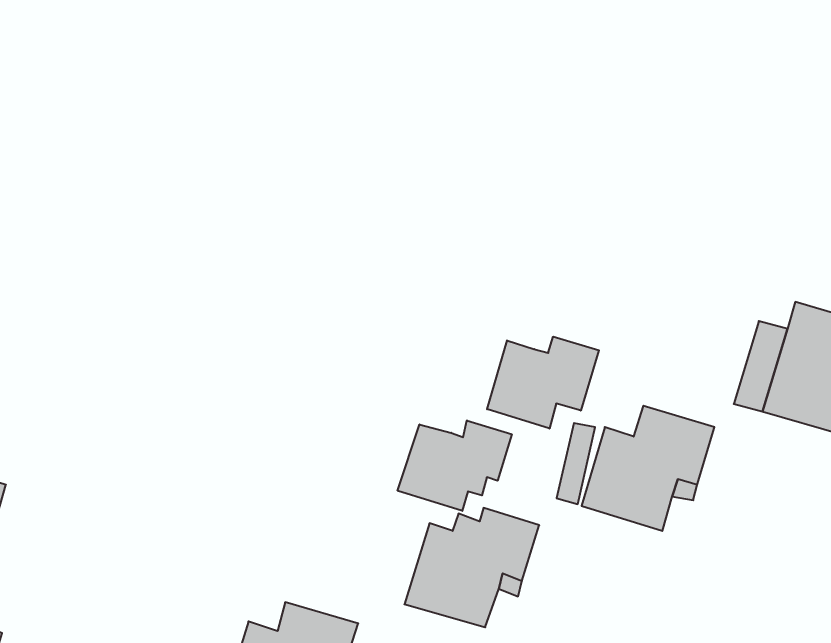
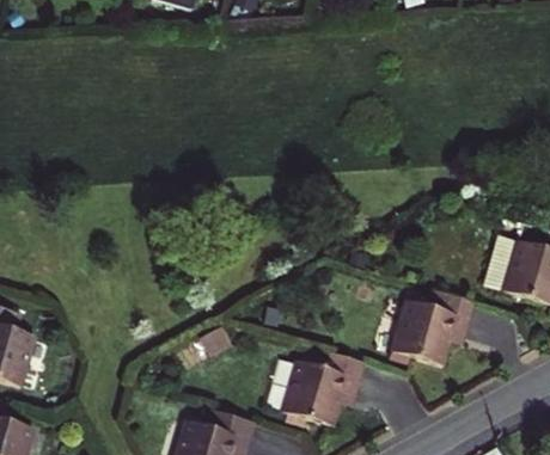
building: [487,337,599,429] -> none
building: [398,420,512,511] -> none

